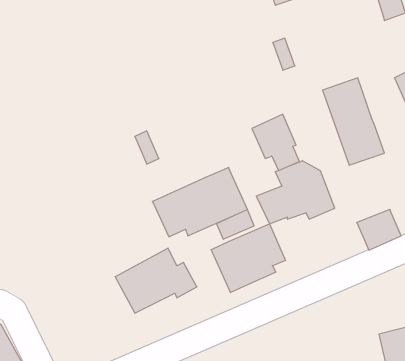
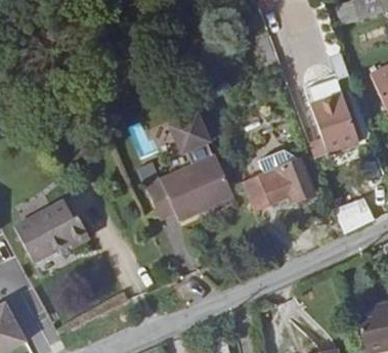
building: [252,114,299,170] -> [169,114,213,166]
building: [211,224,285,293] -> none
building: [115,248,197,313] -> [13,202,89,262]

